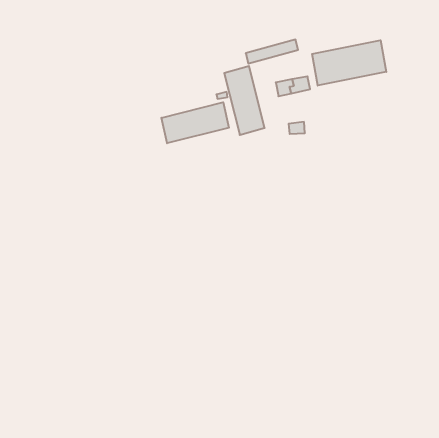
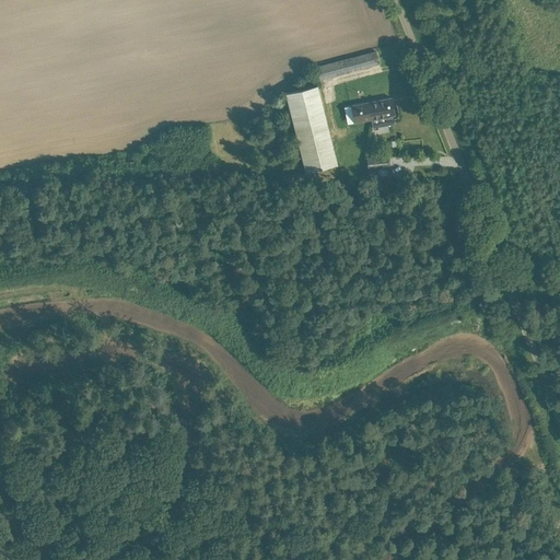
building: [312,40,386,86] -> none
building: [161,102,229,143] -> none

